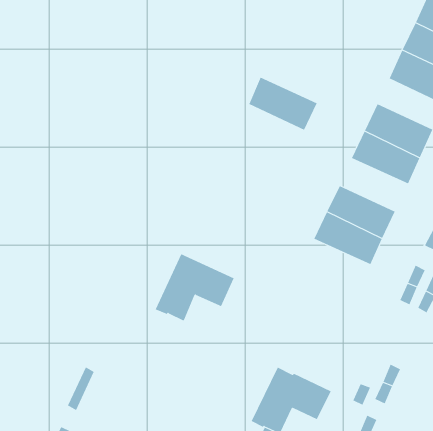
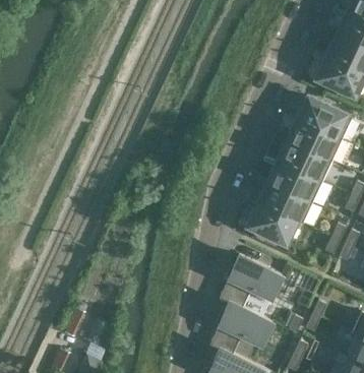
building: [249,77,318,130] -> [278,139,331,181]
building: none -> [247,202,302,242]
building: [155,253,234,321] -> [219,255,281,308]

